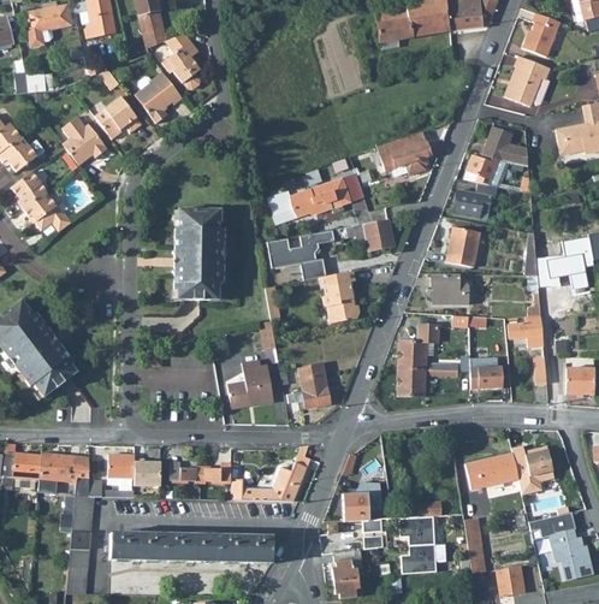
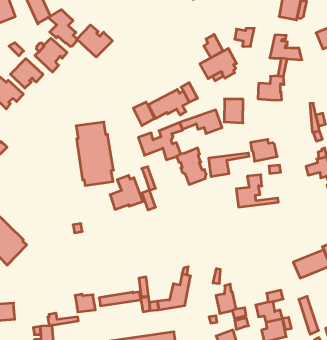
building: none -> [77,25,112,57]
building: none -> [204,34,223,58]
building: [467,155,498,184] -> [235,28,254,47]
building: [446,227,480,267] -> [224,99,243,123]
building: [469,341,503,389] -> none
building: [227,360,274,407] -> [110,175,143,209]
building: [286,362,330,409] -> none
building: [397,368,458,396] -> [209,153,249,177]
building: [38,452,79,492] -> none
building: [108,454,135,484] -> none

